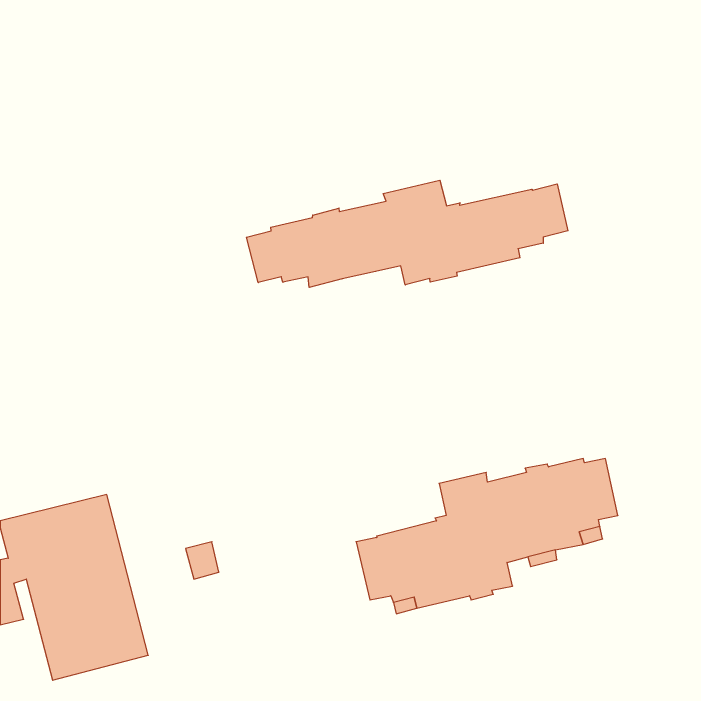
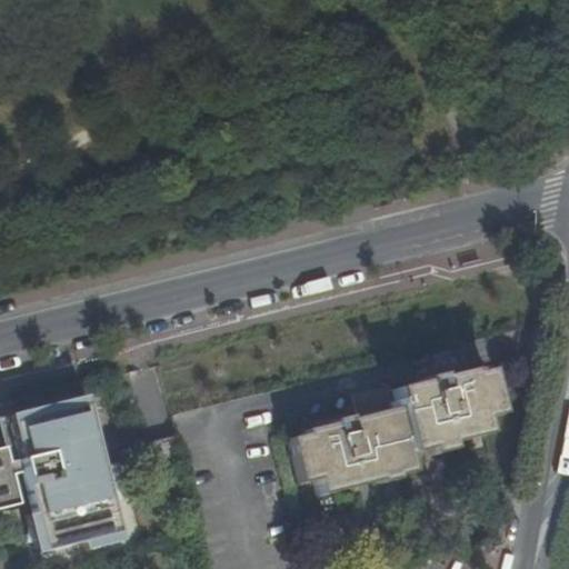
building: [246,180,568,287] -> none

